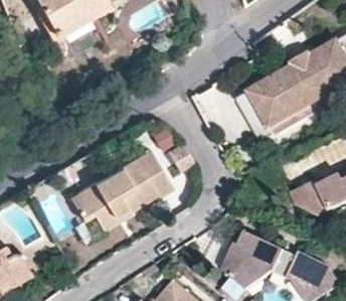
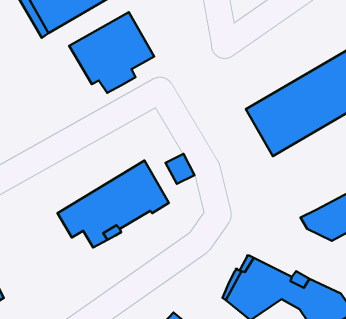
building: none -> [69,12,154,93]

